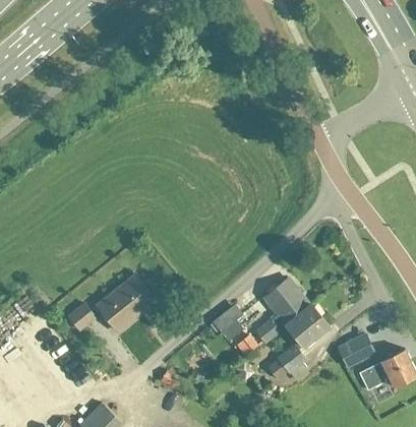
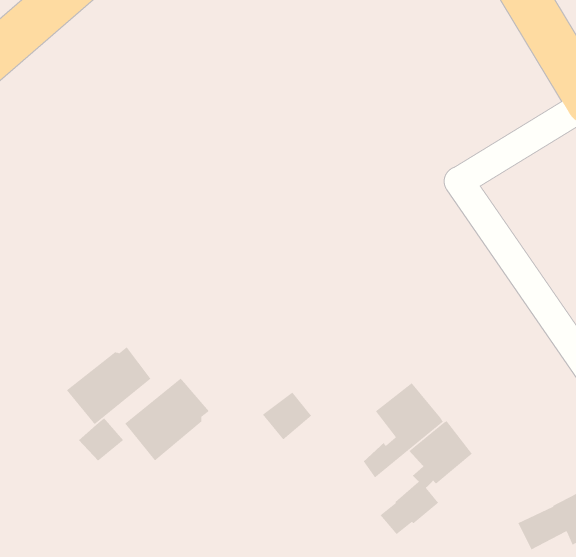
building: none -> [66,346,152,425]
building: [216,314,249,347] -> [262,391,312,440]
building: [338,333,376,368] -> none

